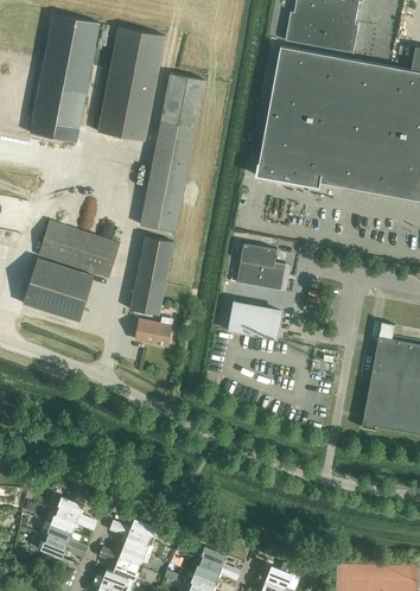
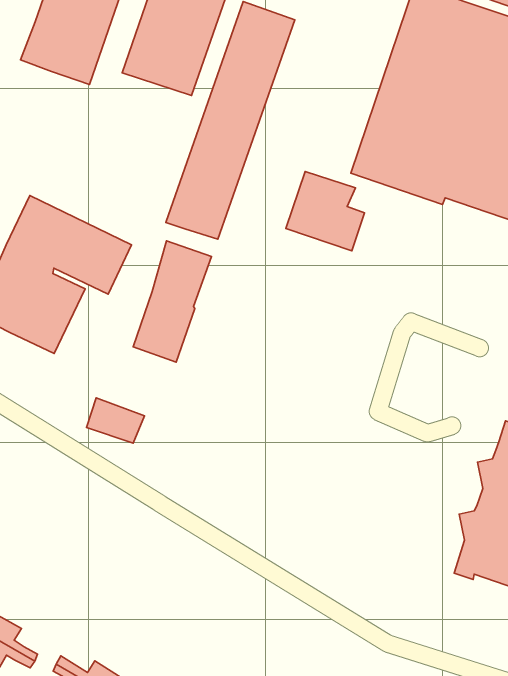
building: [236,243,286,291] -> [286,171,365,251]
building: [229,301,284,337] -> none
building: [135,319,172,345] -> [87,398,144,443]

